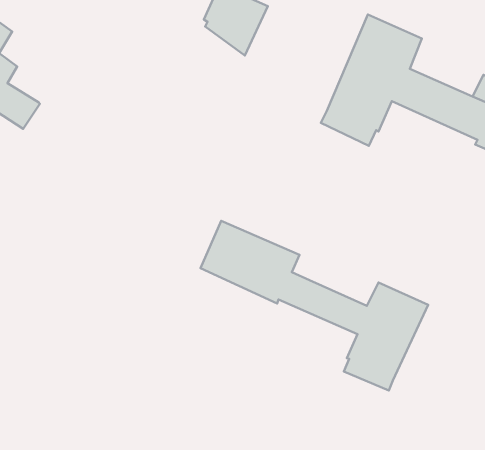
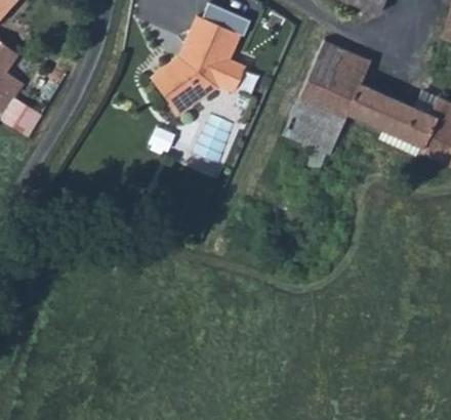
building: none -> [150,50,219,114]
building: [200,221,428,391] -> none

